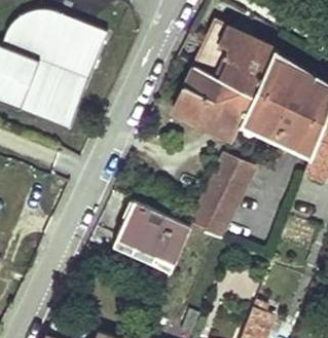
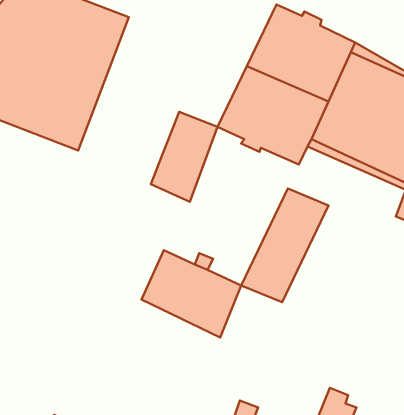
building: none -> [151,112,217,202]

